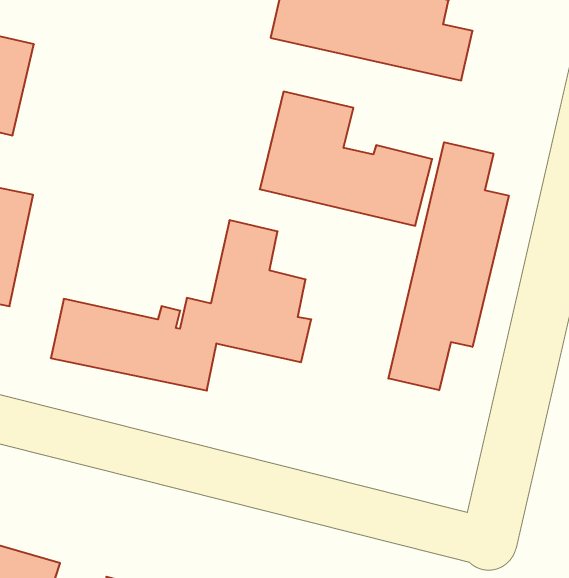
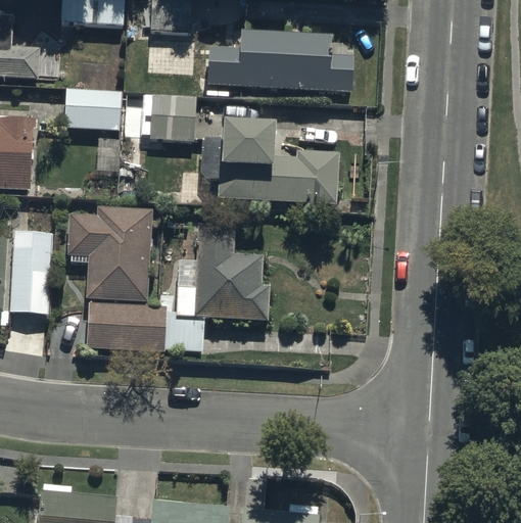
building: none -> [61,87,195,140]
building: [388,142,509,390] -> none
building: none -> [67,205,149,301]

